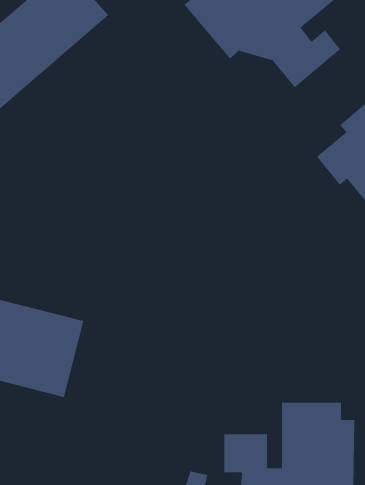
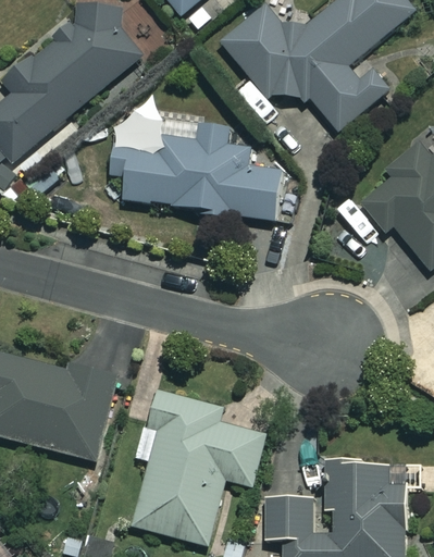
building: none -> [110,117,278,219]
building: none -> [135,391,265,544]

